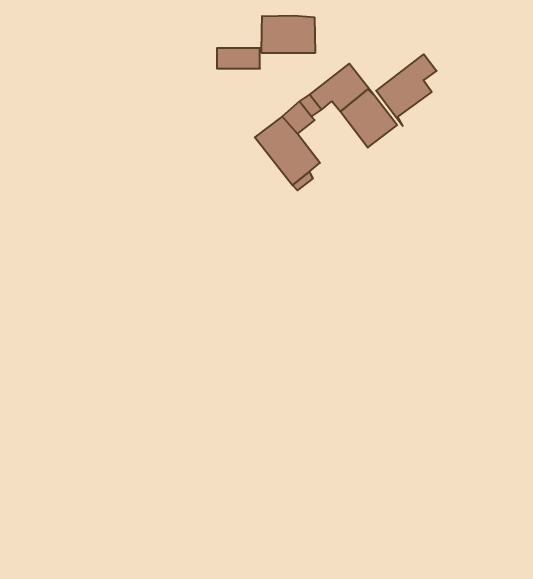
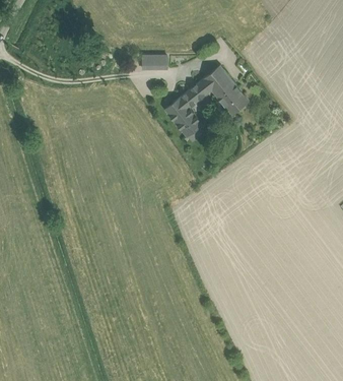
building: [262,16,315,53] -> none
building: [376,54,437,126] -> none

